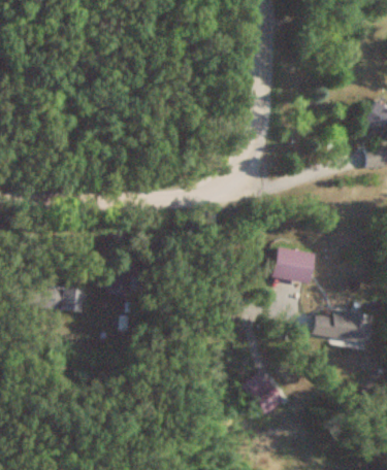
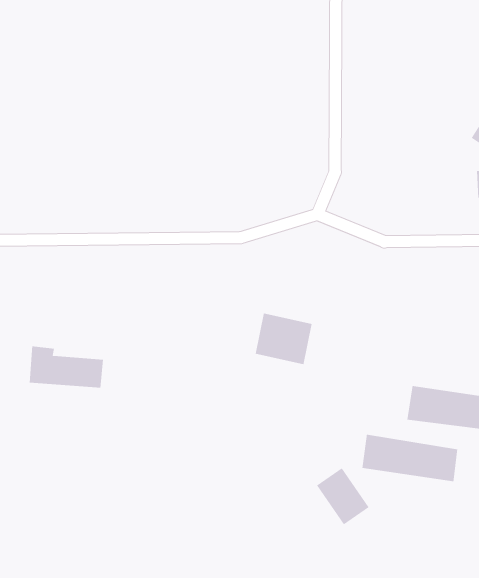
building: [271,245,315,284] -> [255,313,312,365]
building: none -> [362,434,458,482]

